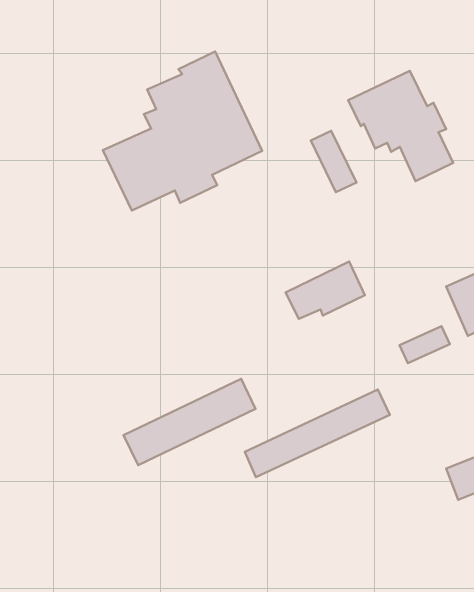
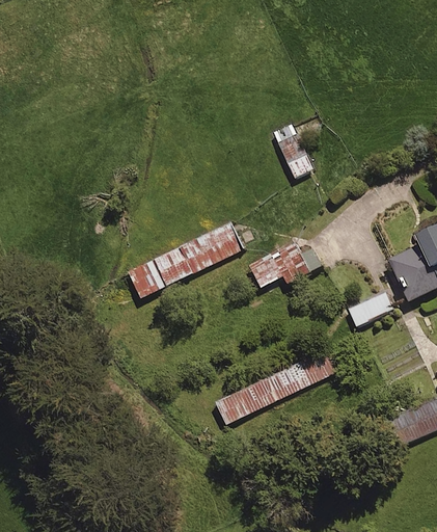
building: [103,51,262,211] -> none
building: [348,71,453,181] -> none
building: [124,379,255,465] -> [128,222,242,297]

